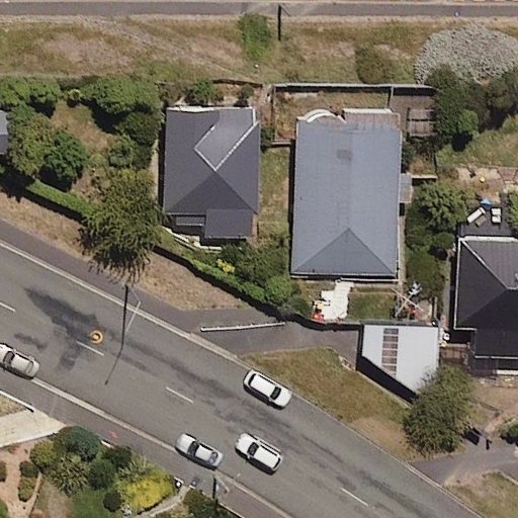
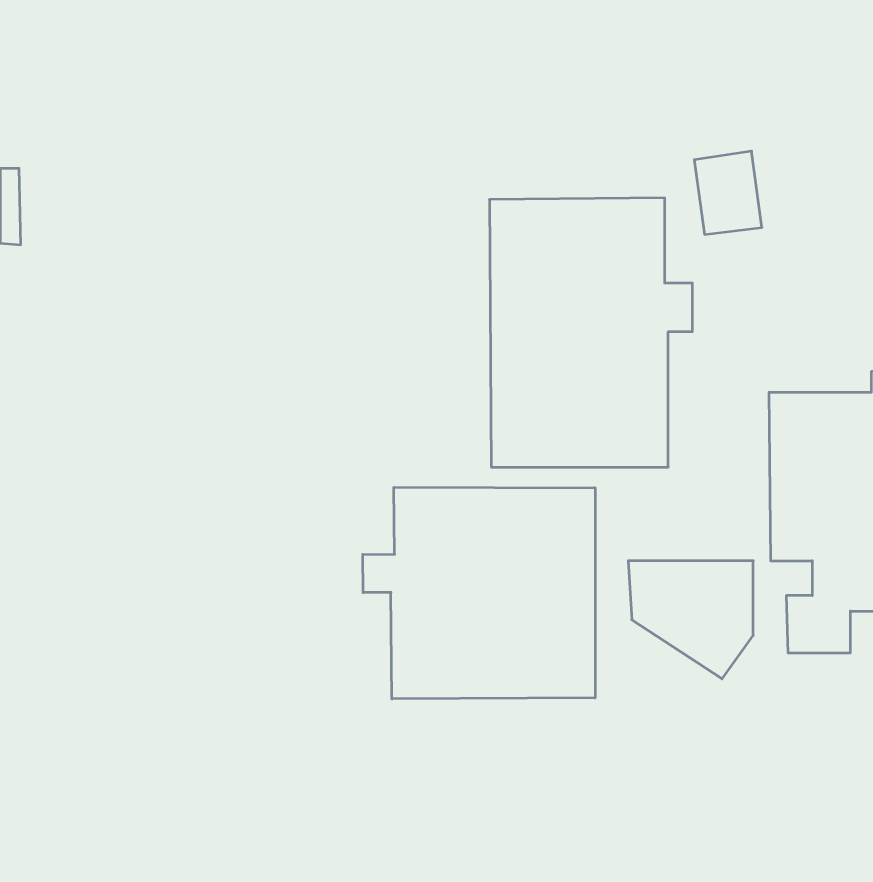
building: [162,101,258,239] -> none
building: none -> [363,487,595,699]

